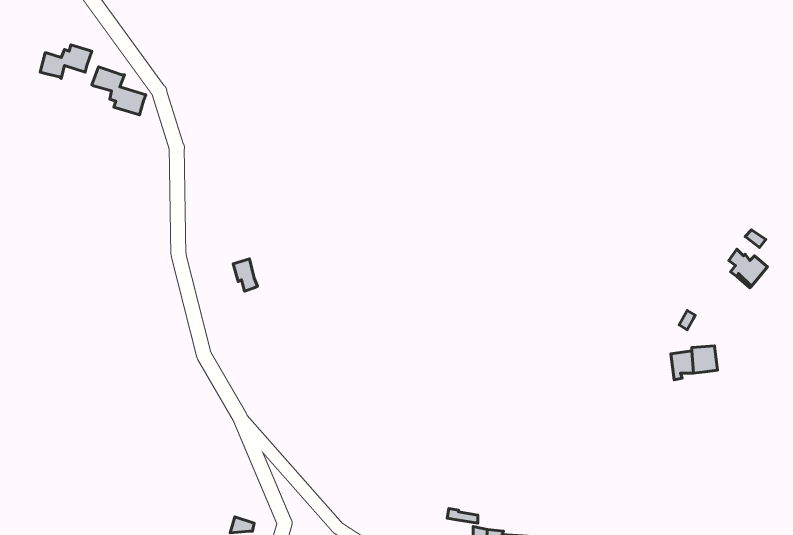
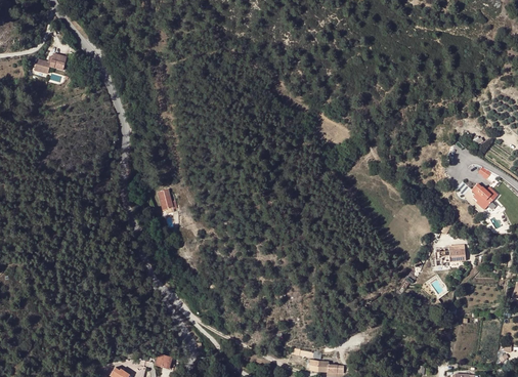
building: [92,67,146,115] -> none

